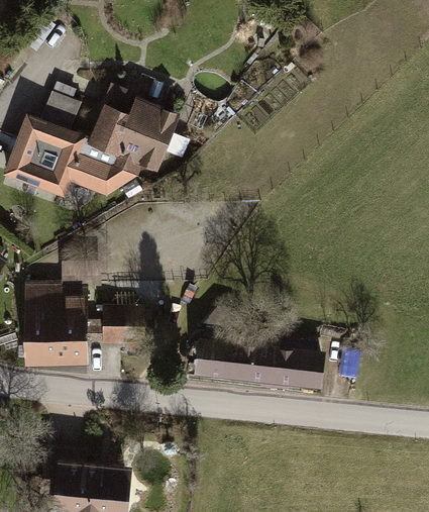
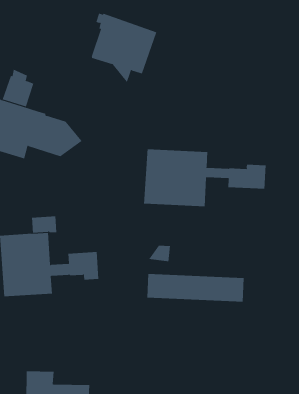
building: [83,91,173,179] -> [84,13,157,84]
building: none -> [144,149,266,207]

